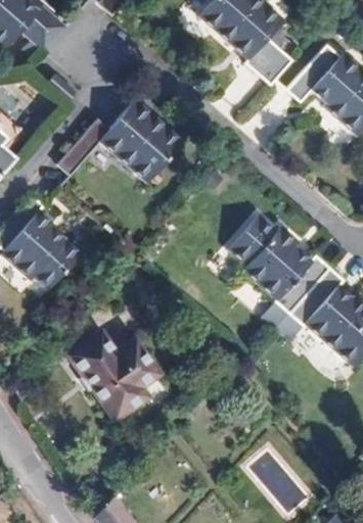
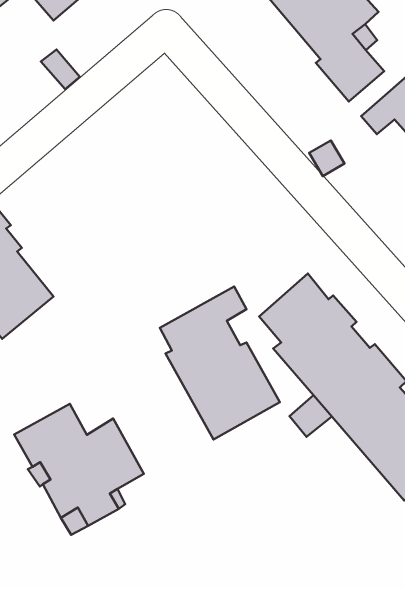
building: [57,100,184,184] -> none
building: none -> [160,287,280,439]

